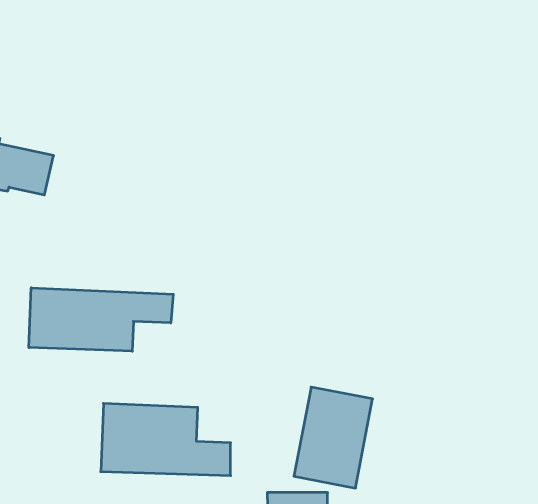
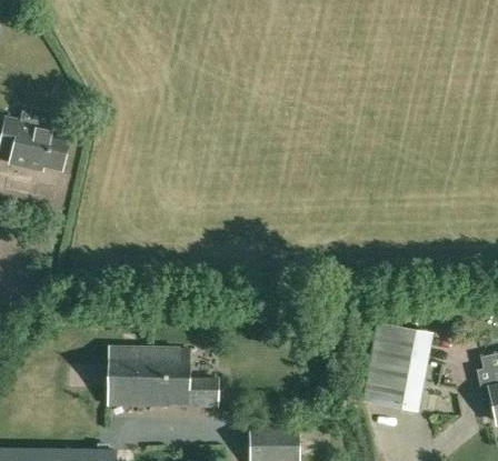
building: [29,288,173,351] -> none
building: [294,387,373,488] -> [363,324,430,410]

